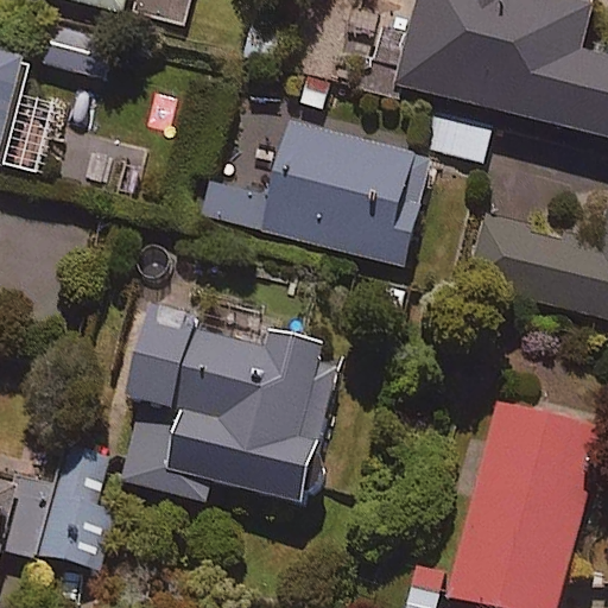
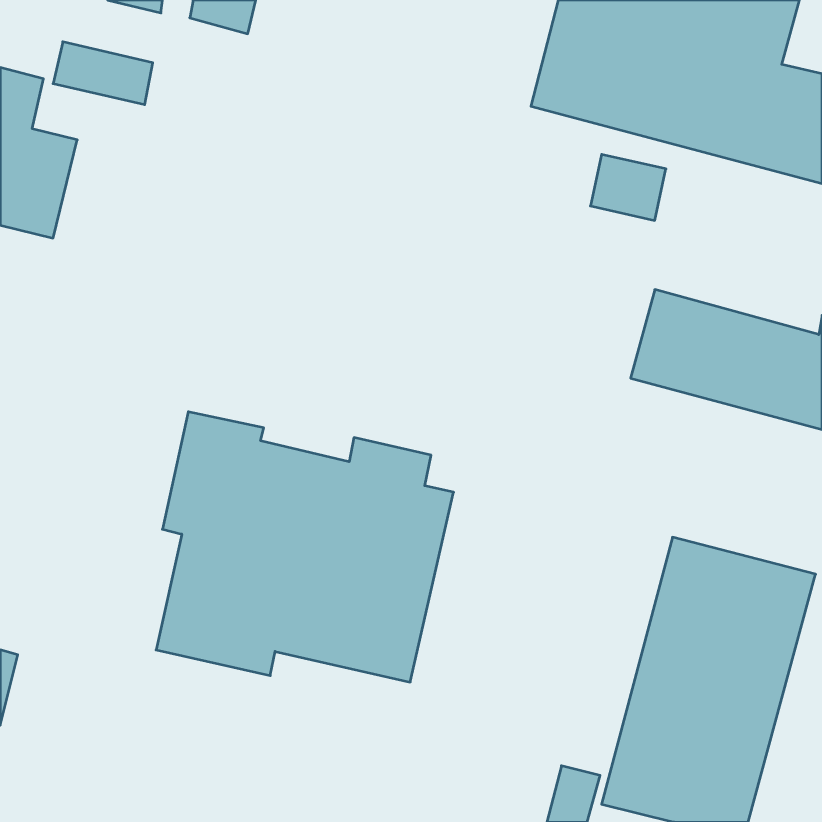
building: [201,121,435,266] -> none
building: [40,445,119,566] -> none

